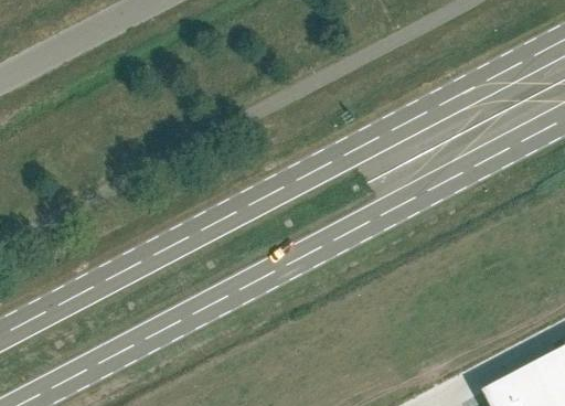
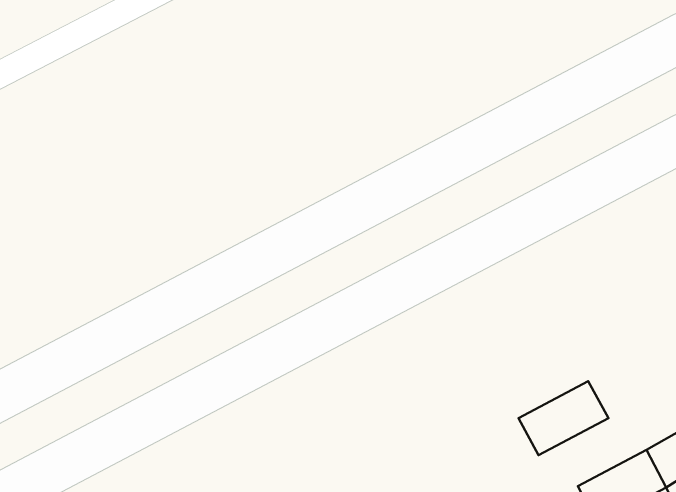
building: none -> [518,381,609,455]

